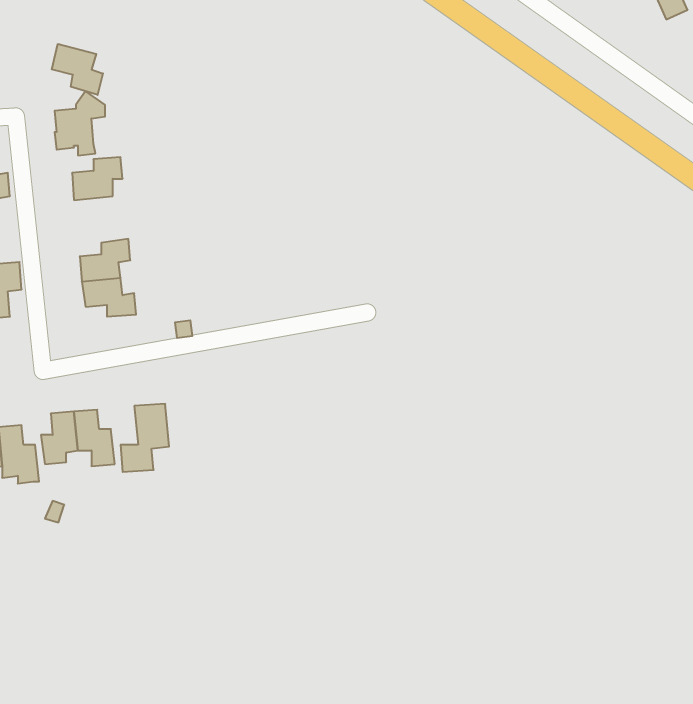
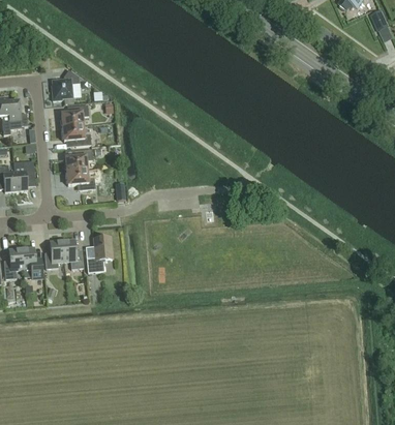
building: [52,44,103,95] -> none
building: none -> [62,125,91,146]

